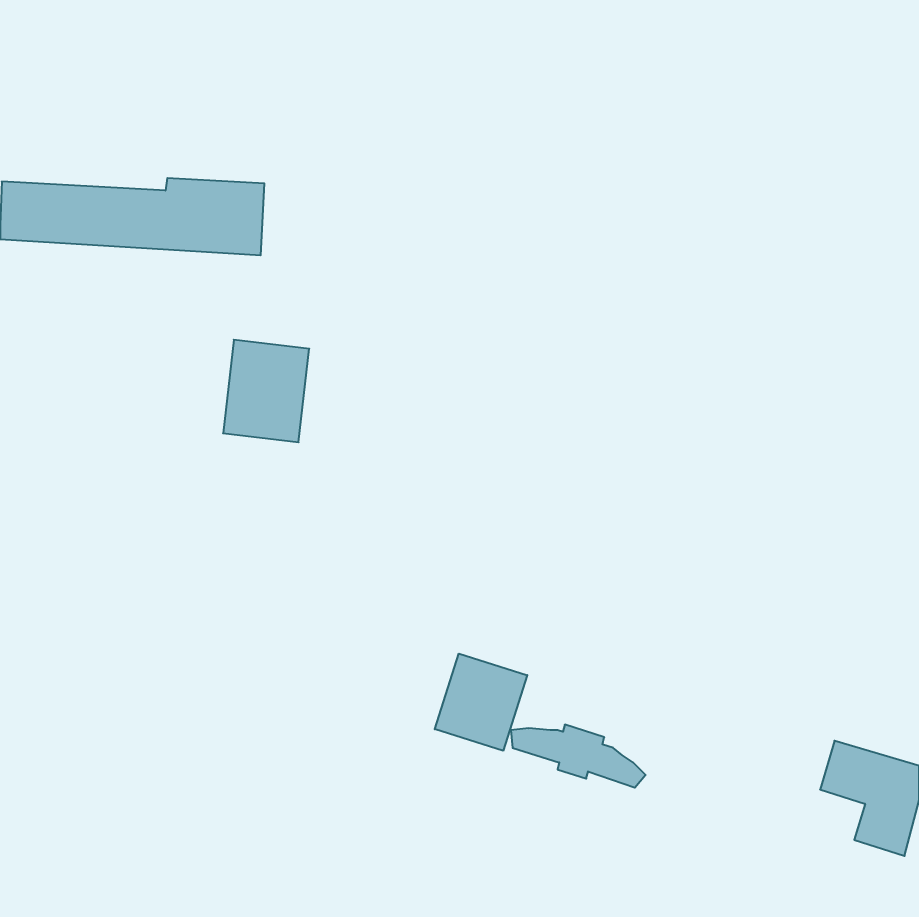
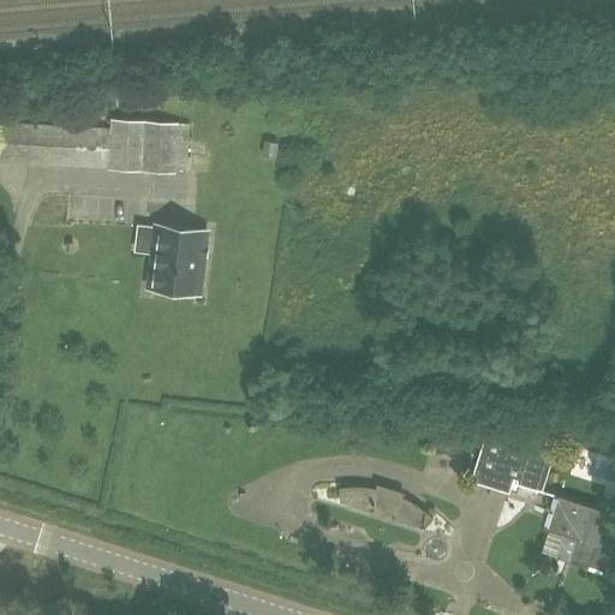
building: [435,654,527,751] -> none
building: none -> [472,438,555,494]

